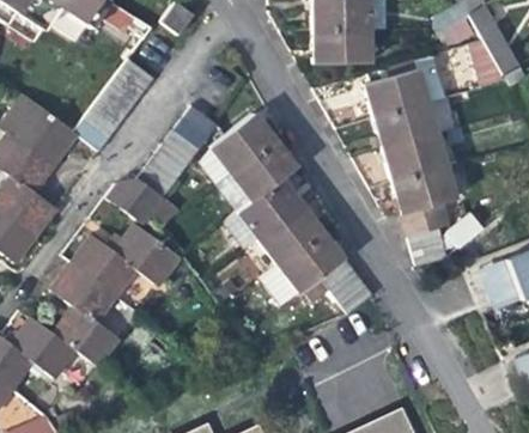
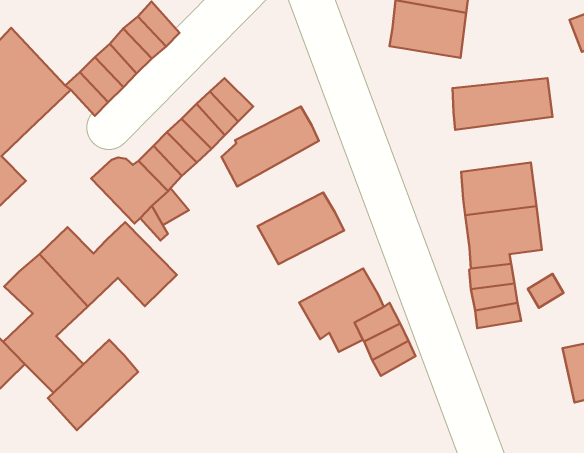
building: [373,100,434,147] -> none
building: [215,141,293,213] -> none
building: [256,206,321,266] -> none
building: none -> [48,340,138,430]

